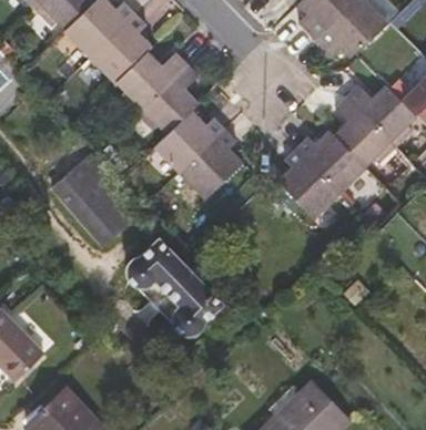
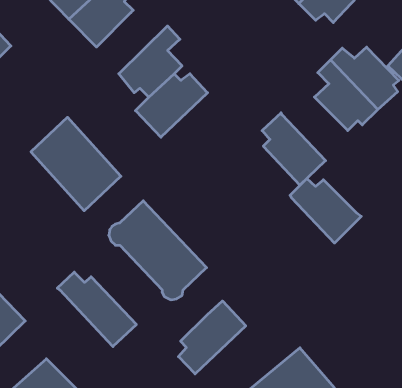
building: [110,48,184,110] -> none
building: [178,127,240,195] -> none
building: [297,131,368,195] -> [290,179,361,243]
building: none -> [57,272,136,347]
building: none -> [178,301,246,374]

